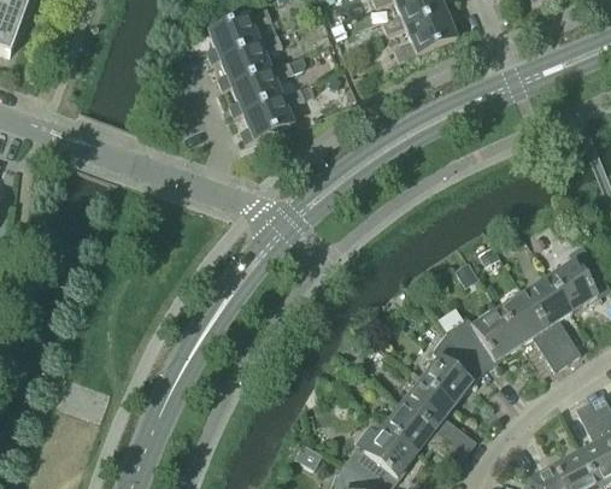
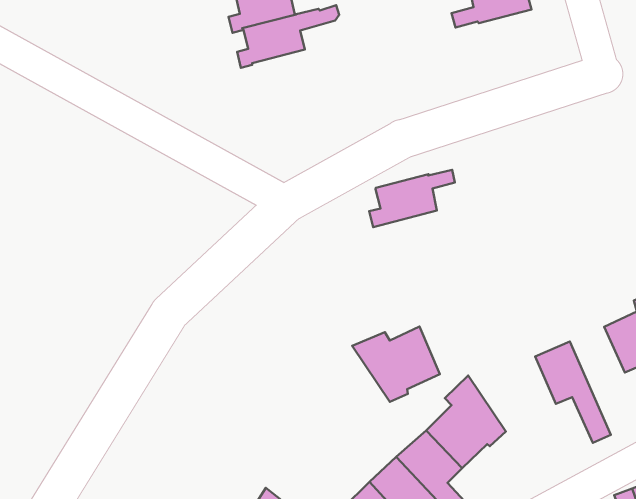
building: [239,87,302,141] -> [369,170,455,227]
building: [523,276,580,360] -> none
building: [447,307,519,370] -> [352,327,440,402]

